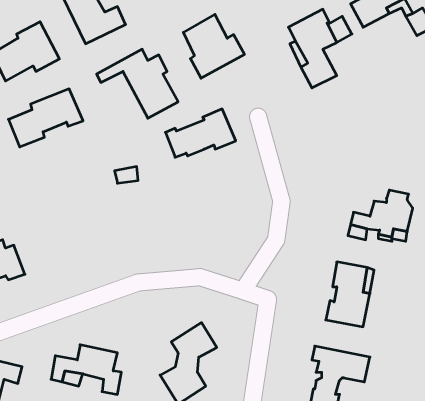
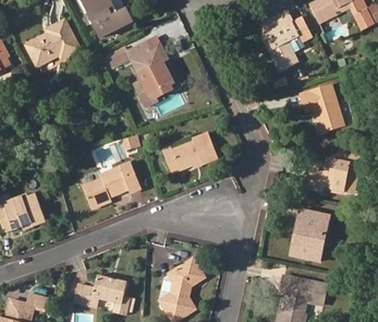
building: [183,14,244,78] -> none
building: [8,89,83,147] -> [81,163,139,208]
building: none -> [298,84,341,132]
building: [165,109,236,157] -> [167,130,222,168]

